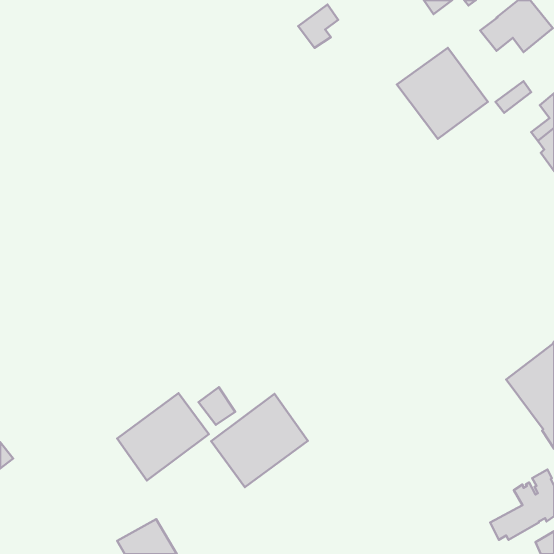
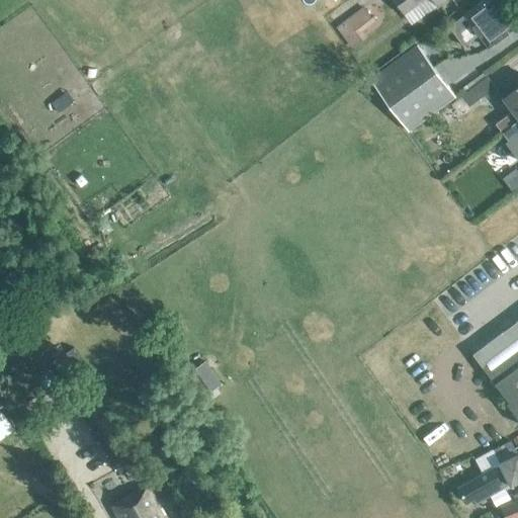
building: [298,5,338,48] -> [336,7,373,48]
building: [117,393,209,480] -> none
building: [211,394,308,487] -> none

